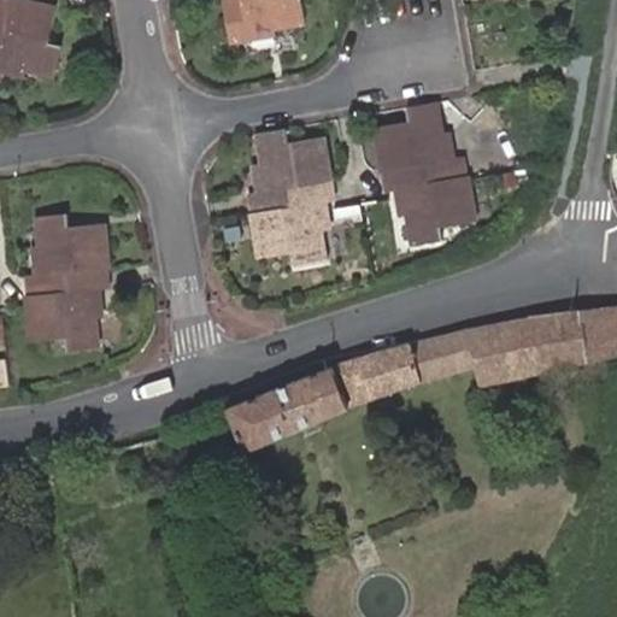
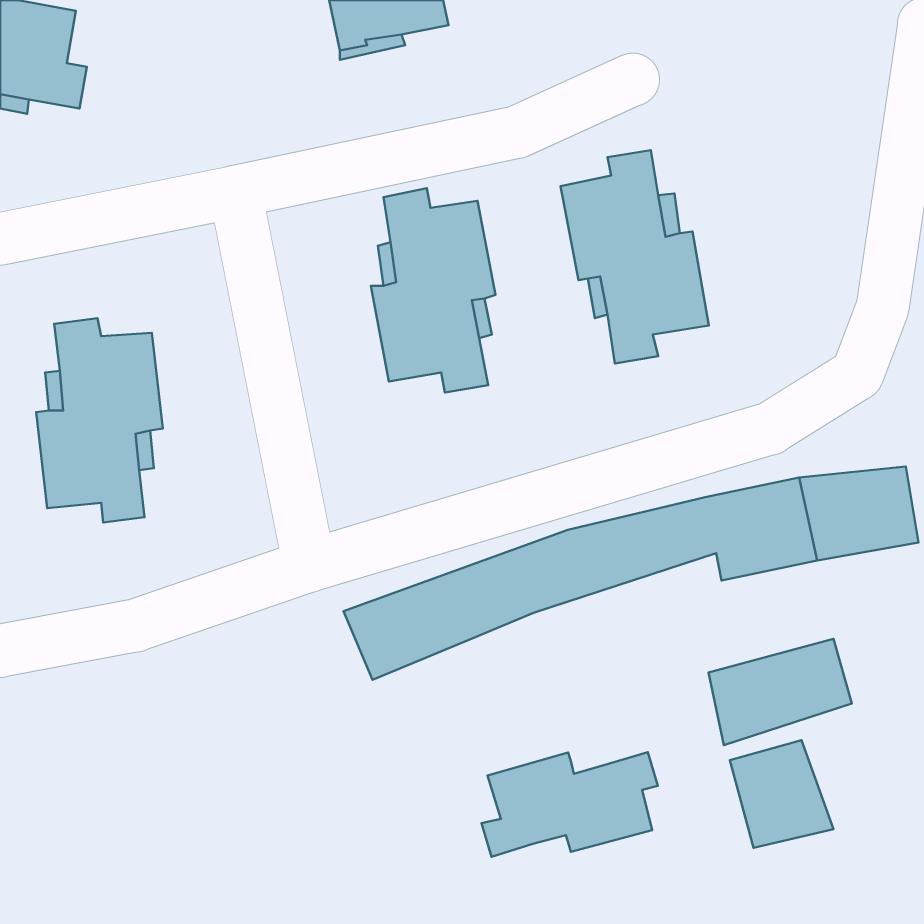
building: none -> [709,639,852,745]
building: none -> [730,740,834,848]
building: none -> [481,752,658,857]

